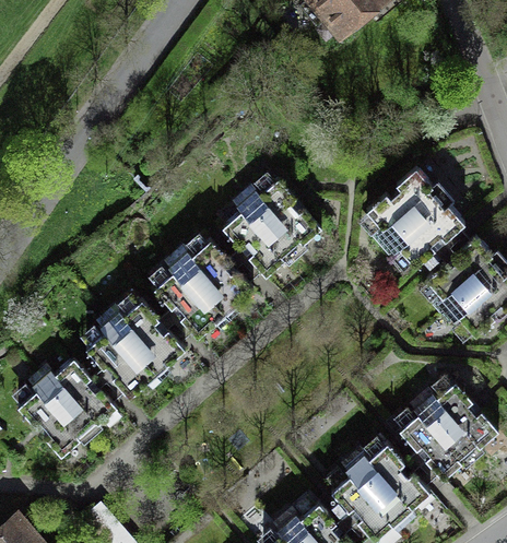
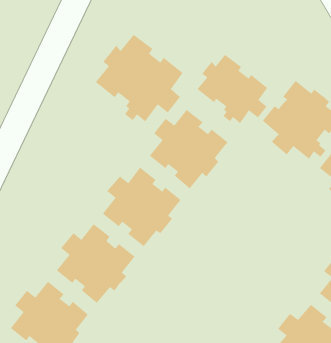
building: none -> [95,34,184,122]
building: none -> [197,54,268,124]

